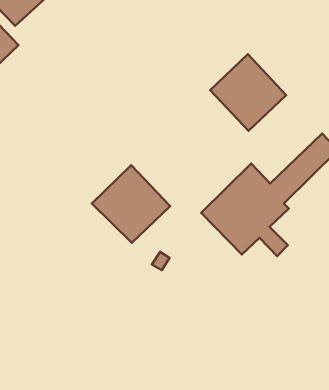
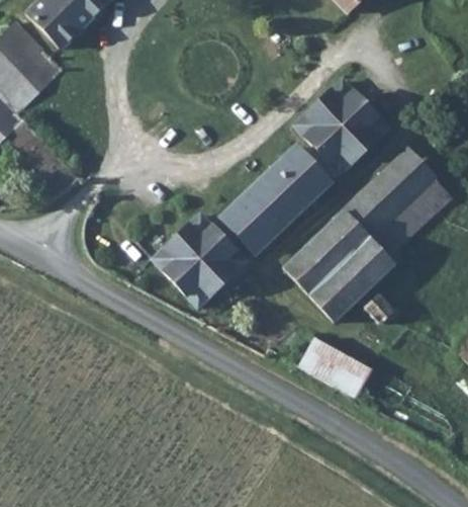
building: none -> [224,144,335,252]
building: none -> [345,150,431,236]
building: none -> [291,329,370,399]

